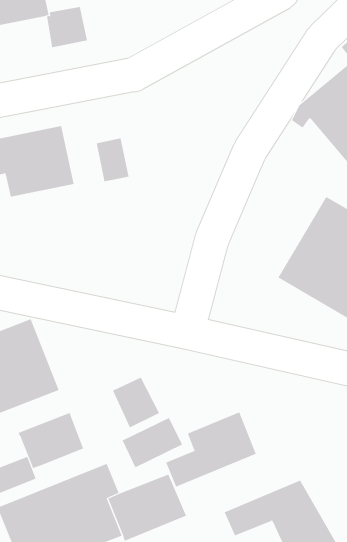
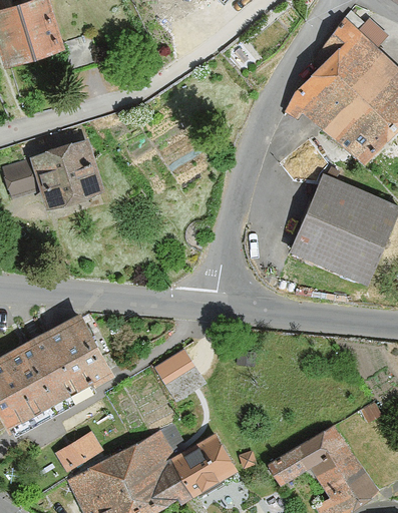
building: [96,138,129,182] -> none
building: [165,412,257,488] -> none
building: [18,412,84,469] -> none
building: [122,417,183,468] -> none

